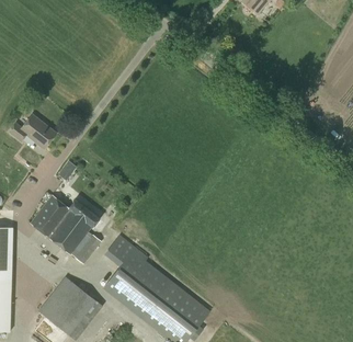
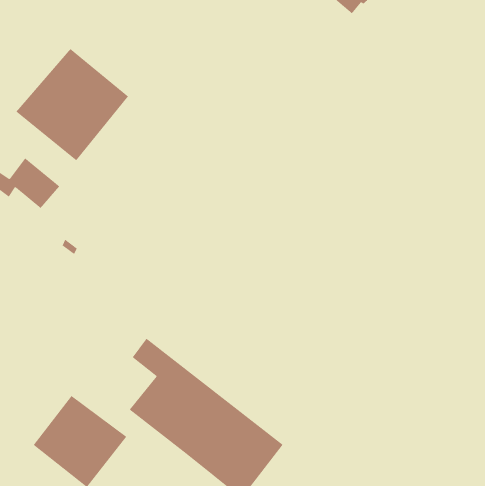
building: none -> [16,48,129,161]
building: [31,195,101,263] -> none

